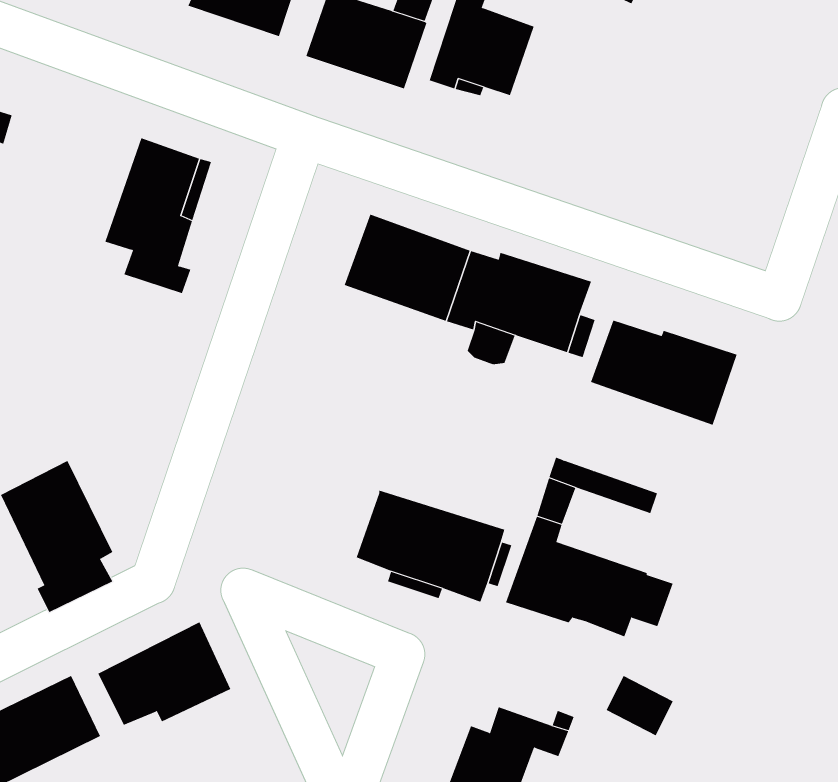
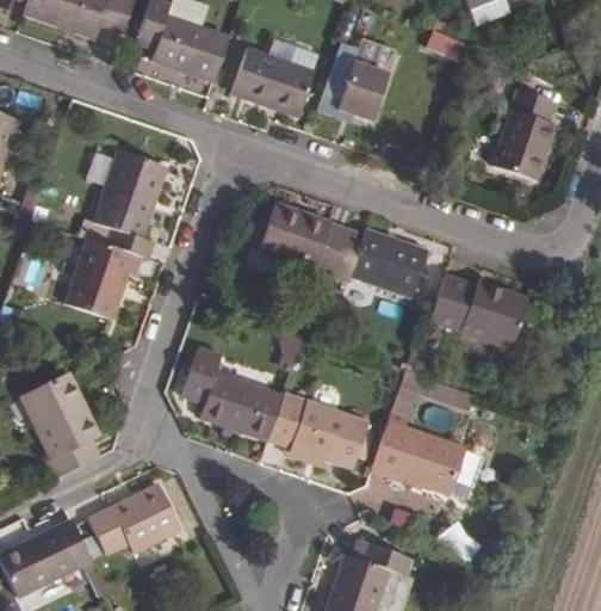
building: none -> [491,87,557,180]
building: none -> [63,236,142,320]
building: none -> [181,346,281,438]

